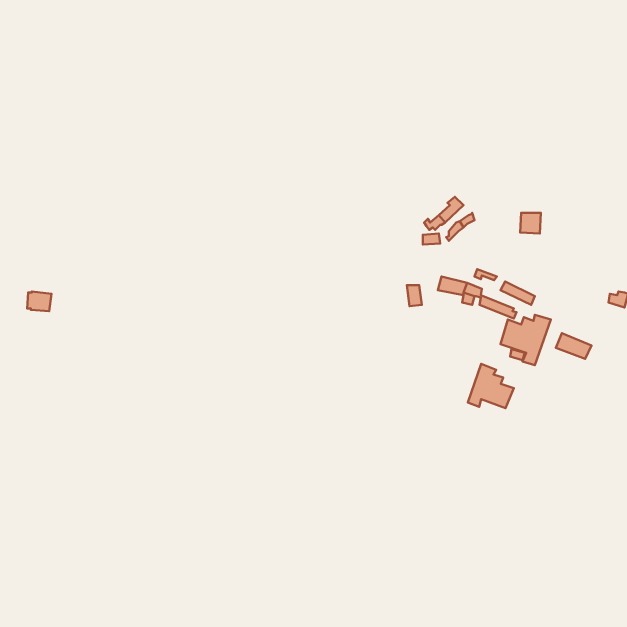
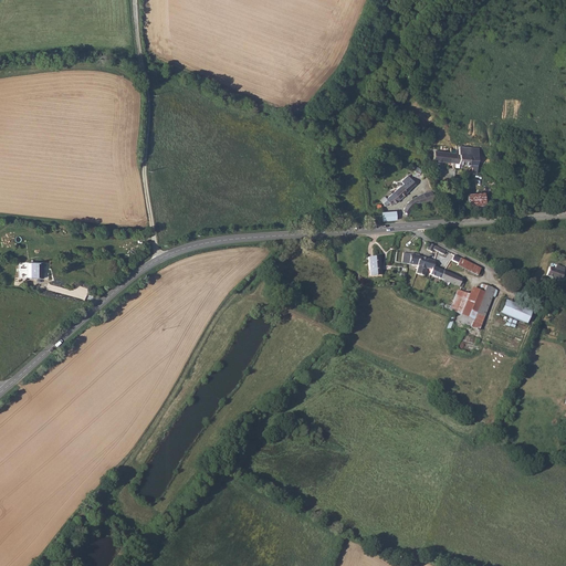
building: none -> [434,148,480,176]
building: [468,364,514,408] -> none

